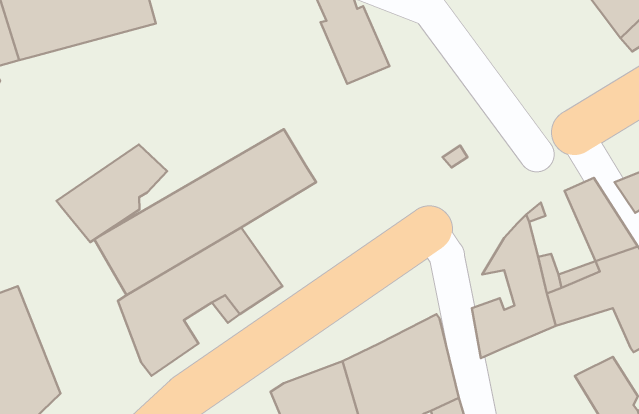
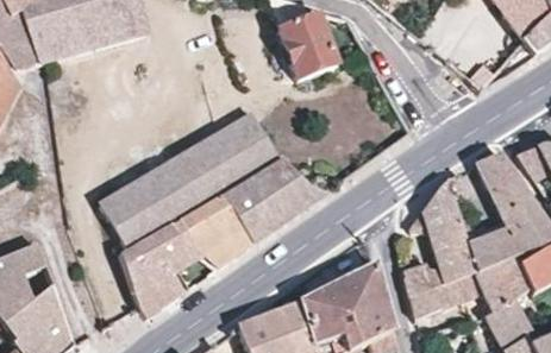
building: [56,144,167,242] -> none
building: none -> [215,156,320,240]
building: none -> [412,258,531,321]

